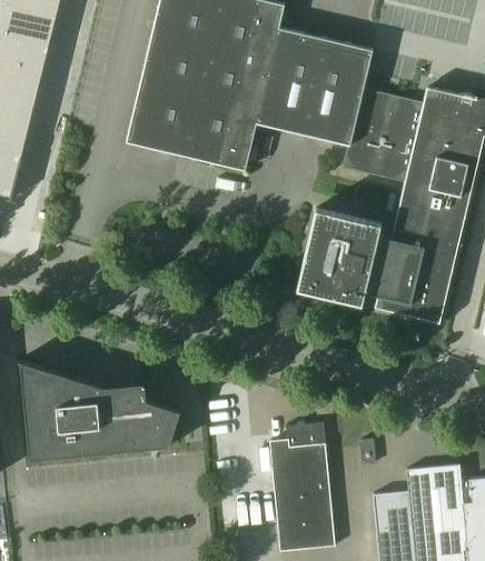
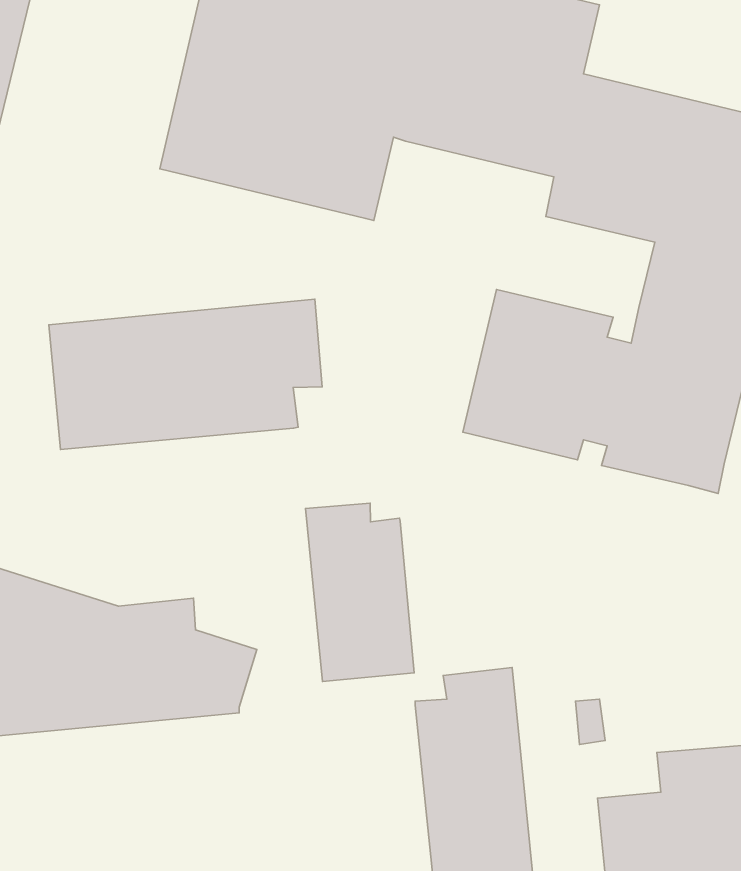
building: none -> [49,299,322,450]
building: none -> [306,503,414,681]

